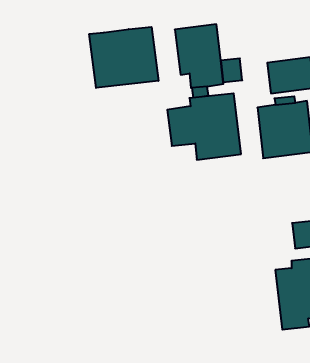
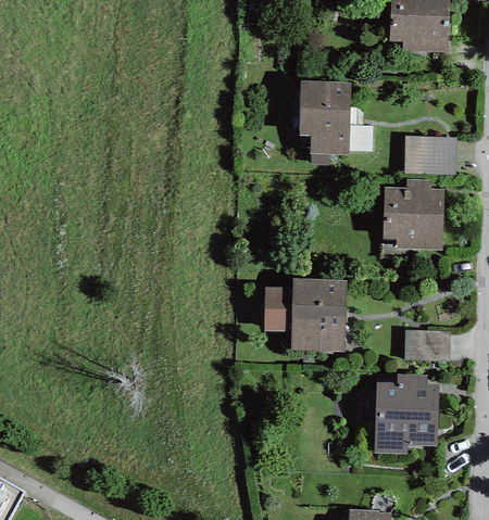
building: [89,27,158,88] -> none
building: [167,93,241,160] -> [263,277,346,352]

